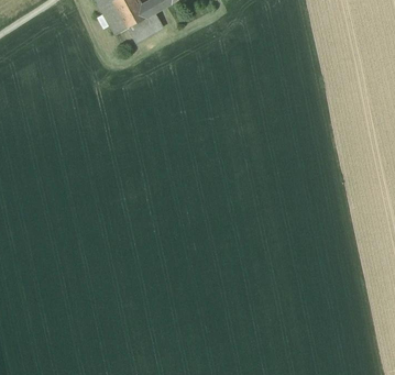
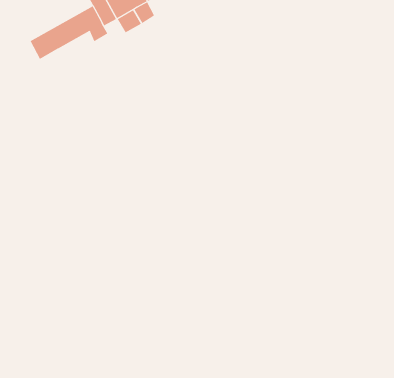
building: none -> [30,6,108,60]

